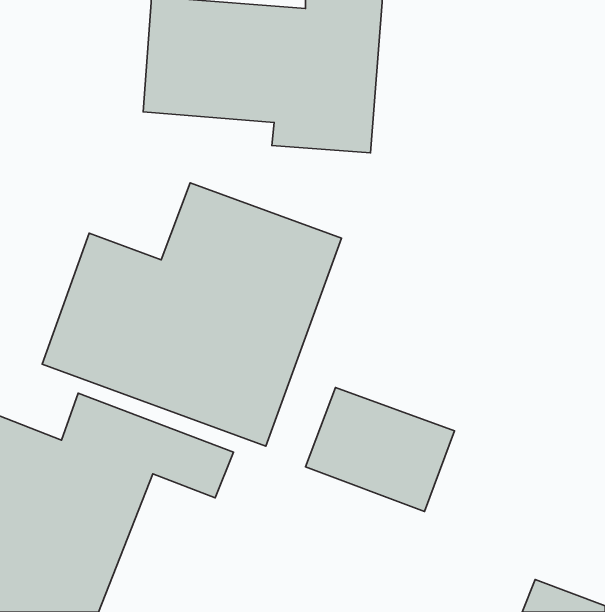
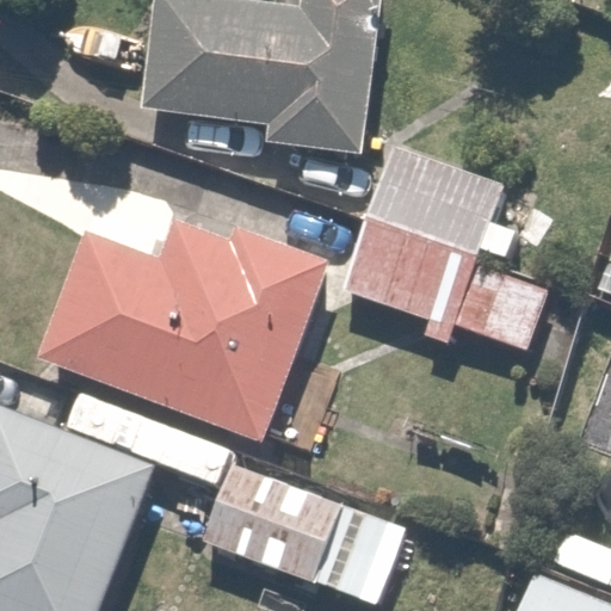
building: none -> [339,146,549,362]
building: [305,388,455,511] -> [205,465,353,588]

